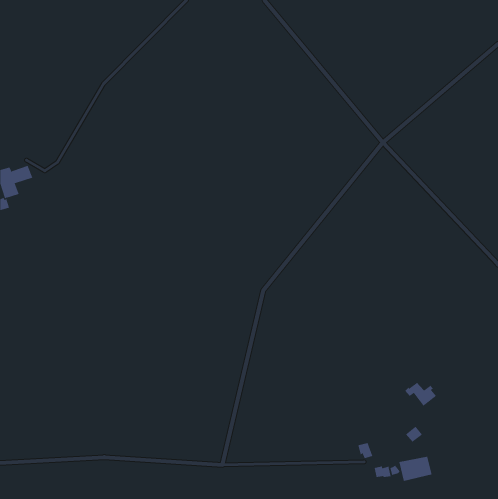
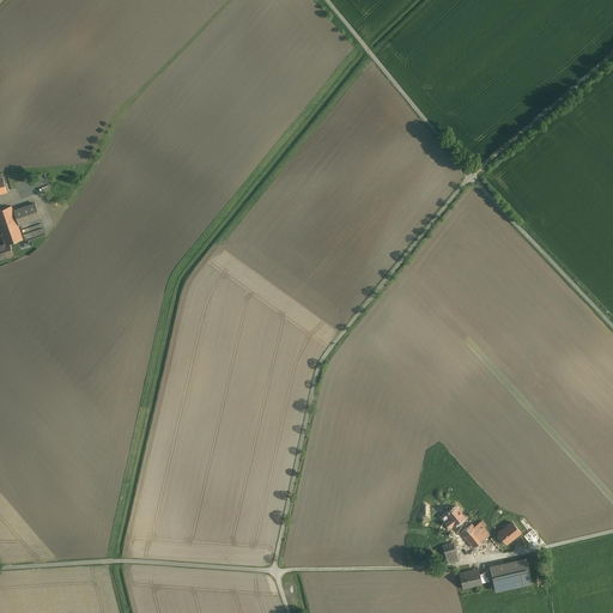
building: [405,382,437,406] -> [449,517,488,547]

